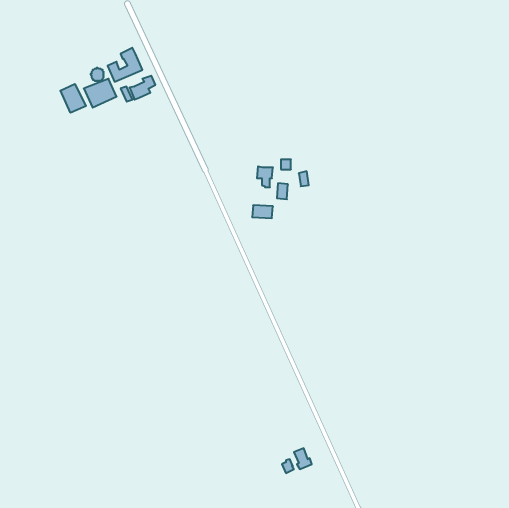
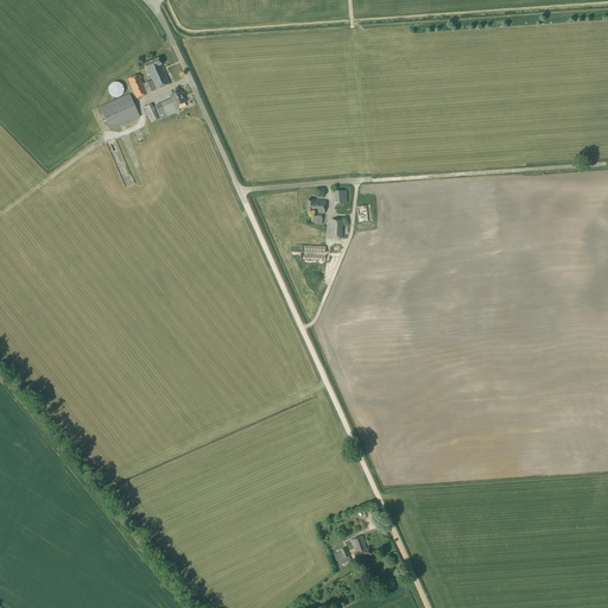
building: [60,84,86,113] -> none

